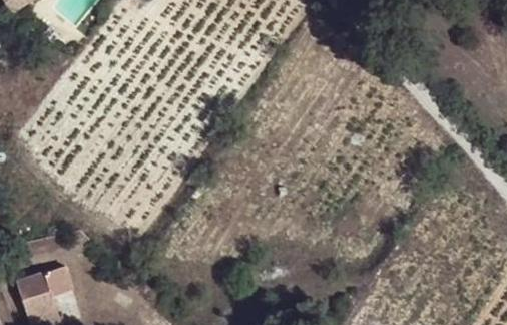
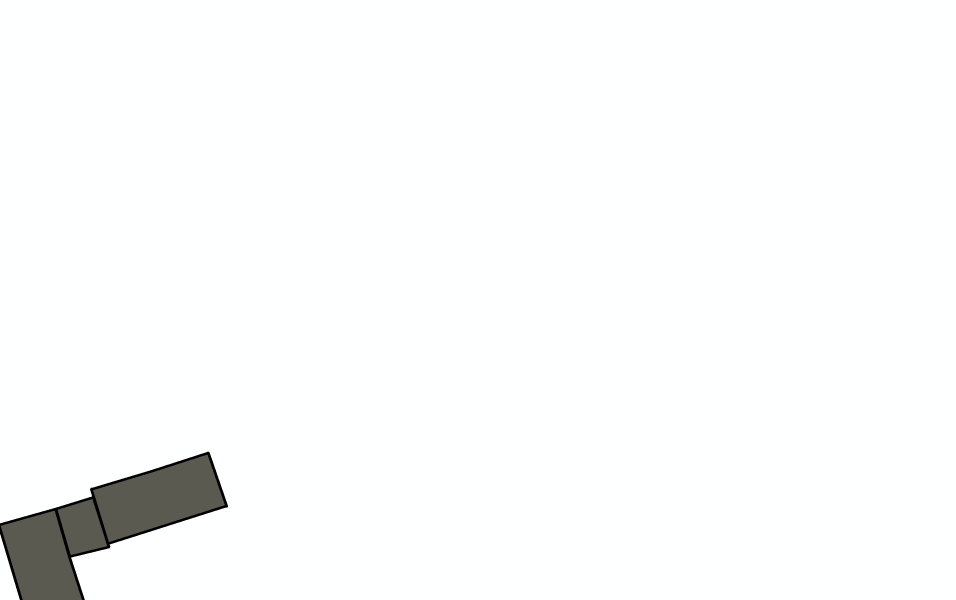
building: none -> [92,453,227,544]

